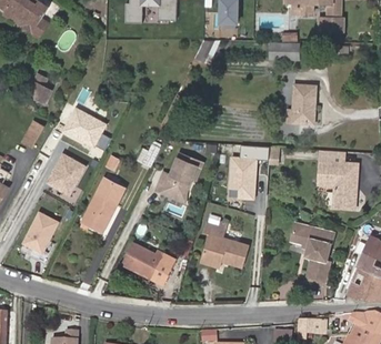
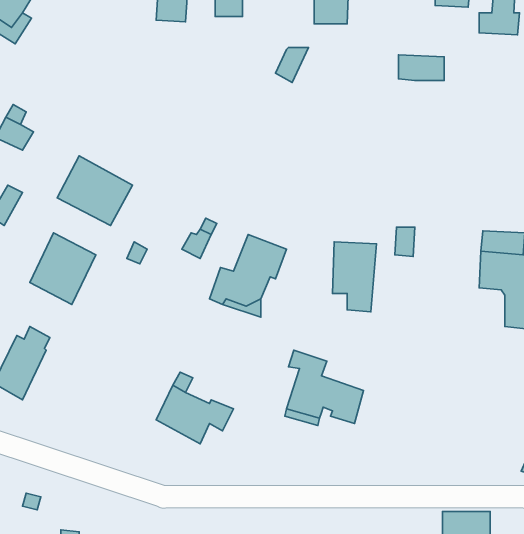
building: [293,85,315,124] -> none
building: [82,178,126,232] -> none
building: [291,223,334,282] -> none

